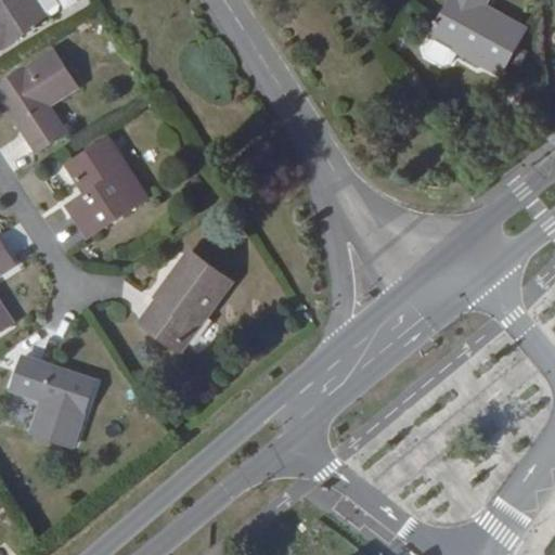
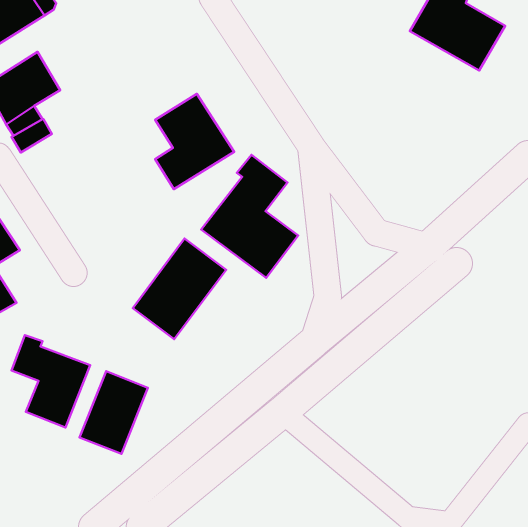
building: [64,137,146,236] -> [155,94,234,189]
building: none -> [201,155,298,278]
building: none -> [80,371,148,454]

